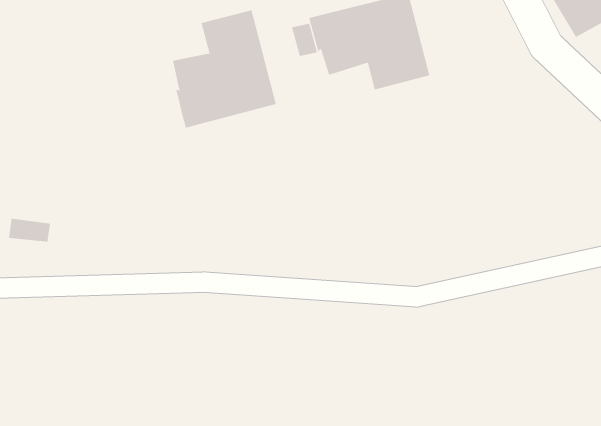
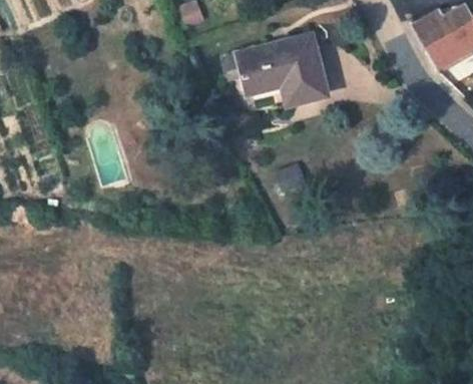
building: [173,9,276,129] -> none

